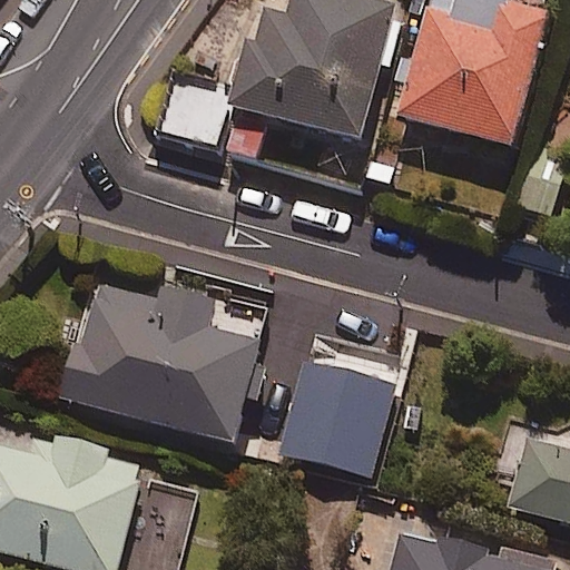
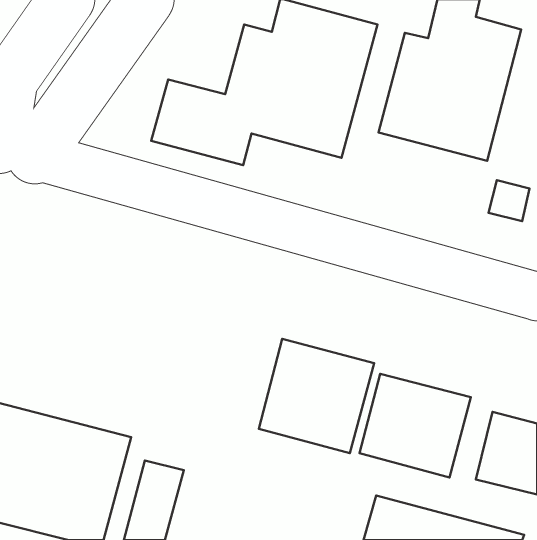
building: [62,281,265,442] -> none
building: none -> [360,374,471,477]

